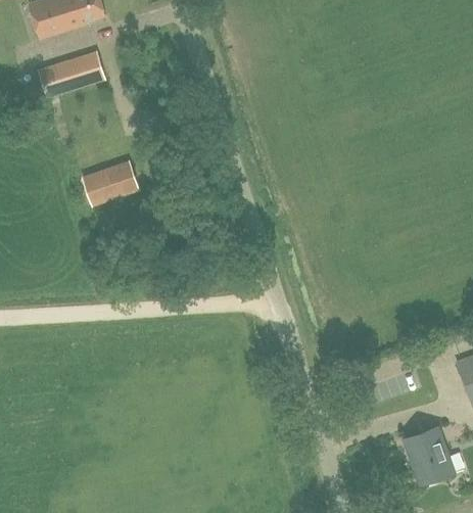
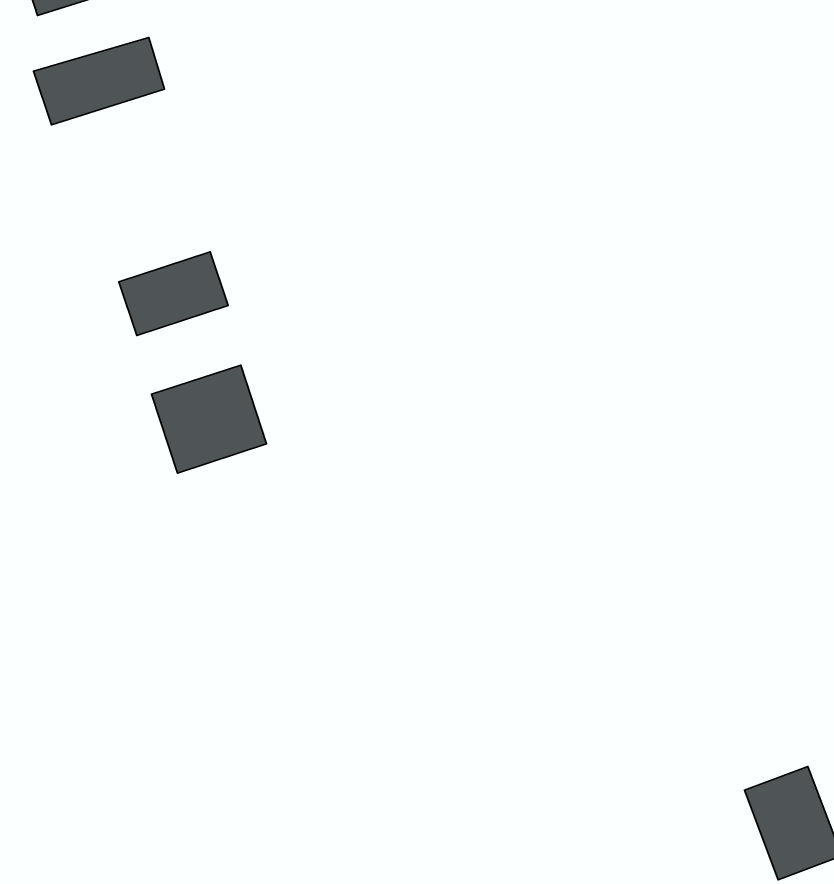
building: none -> [152,365,267,473]

